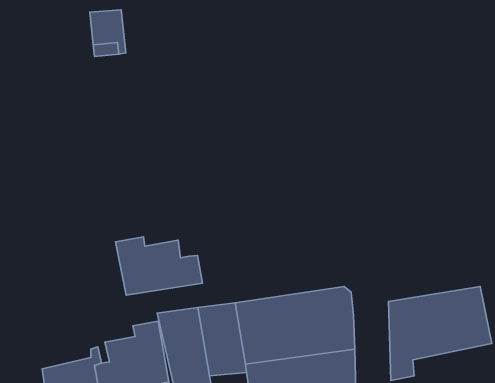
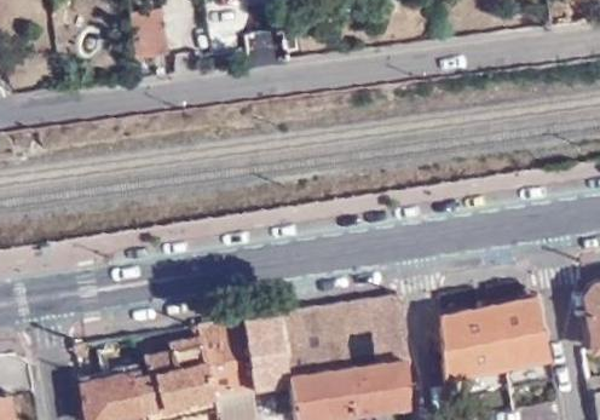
building: [115,237,203,295] -> none

